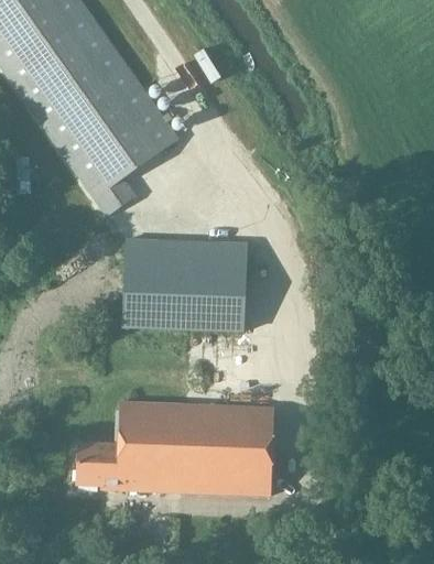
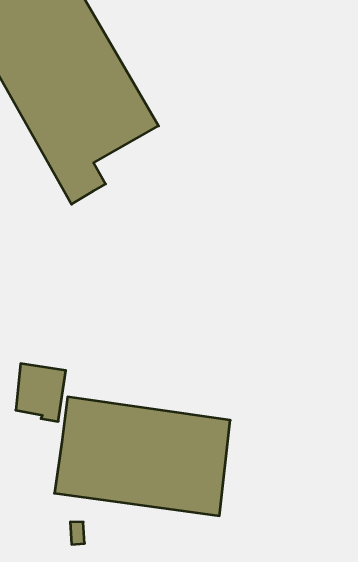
building: [123,236,248,330] -> none
building: [76,440,119,490] -> [16,364,66,421]

